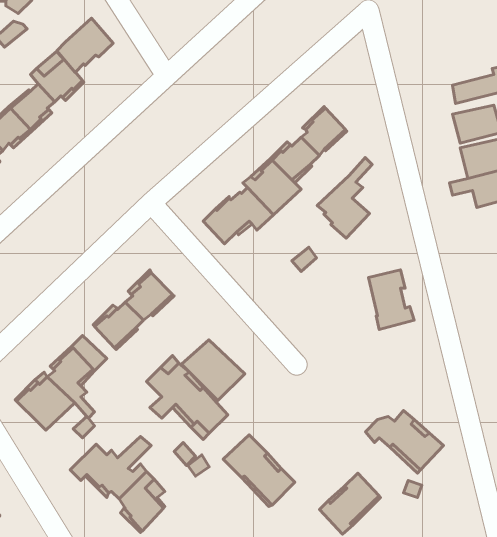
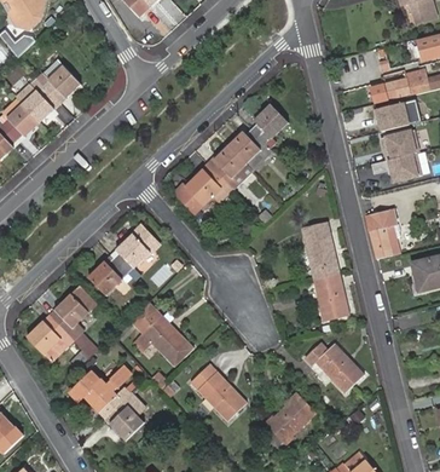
building: [57,18,113,72] -> none
building: [317,158,372,238] -> none
building: none -> [366,209,398,257]
building: none -> [313,272,349,321]
building: [181,340,245,401] -> none

